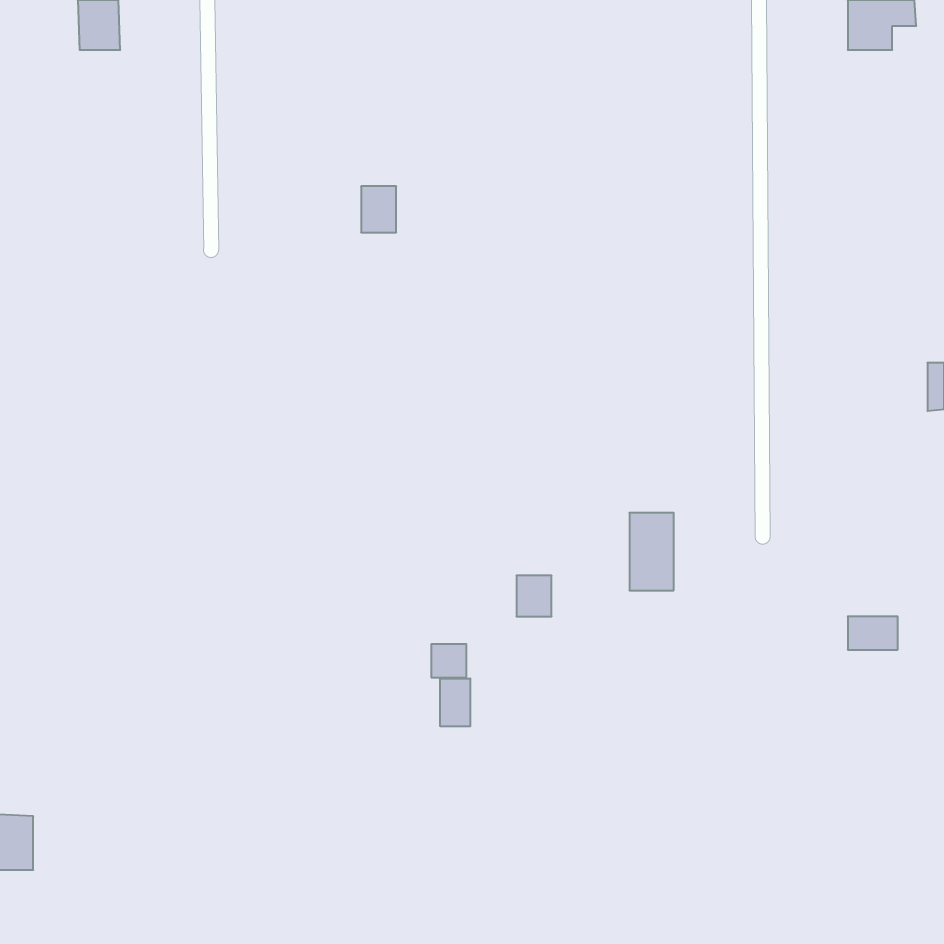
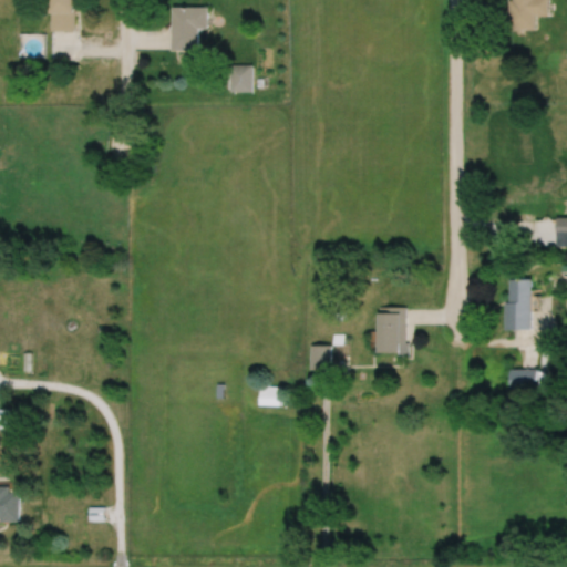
building: none -> [173,8,207,51]
building: [361,186,396,232] -> [230,65,251,93]
building: none -> [506,280,530,330]
building: [440,678,470,726] -> none

